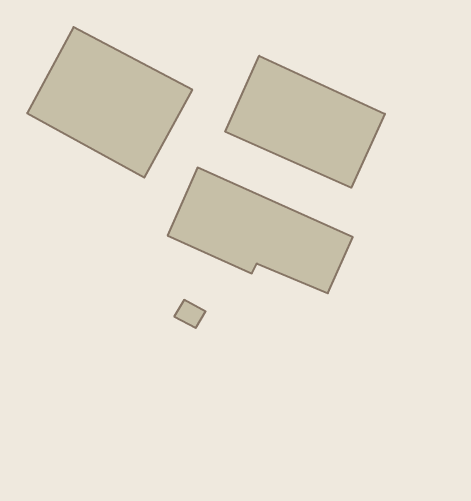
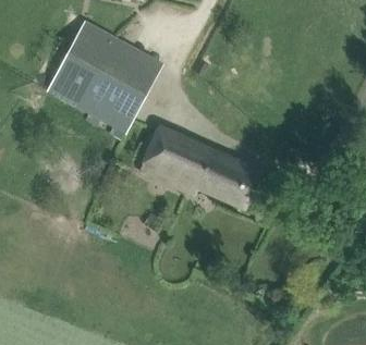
building: [225,56,385,188] -> none

